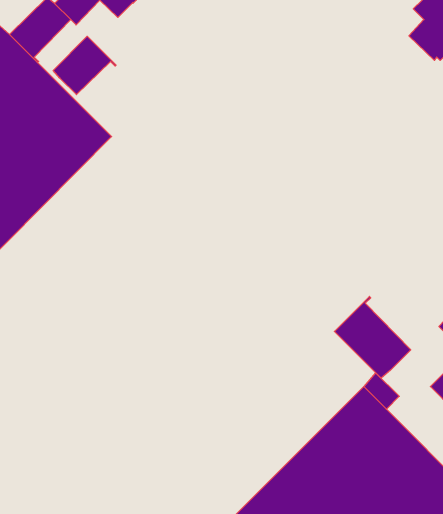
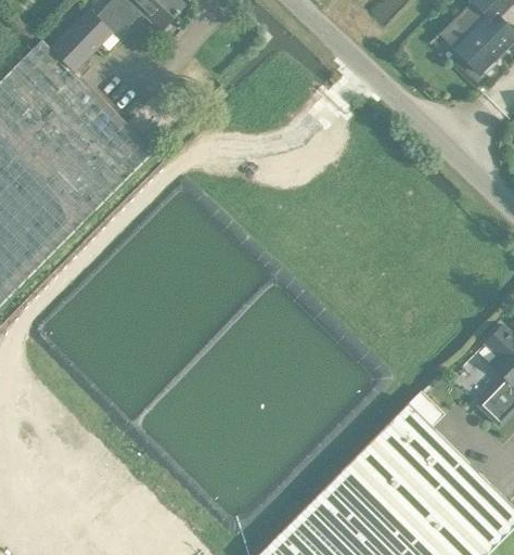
building: [53,36,116,95] -> none
building: [334,296,411,378] -> none

